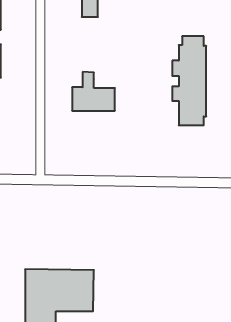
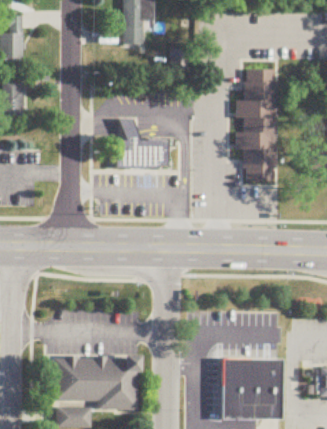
building: none -> [223,360,282,419]

